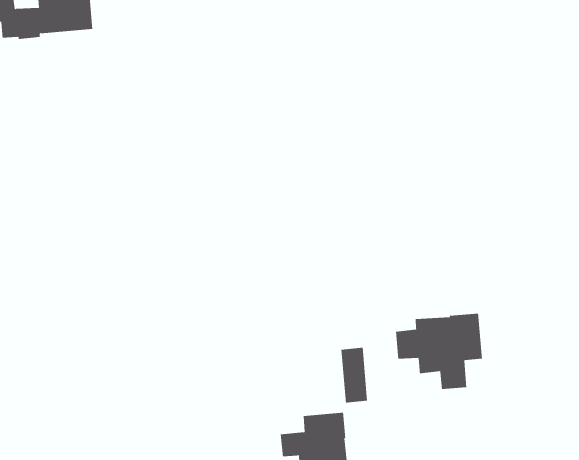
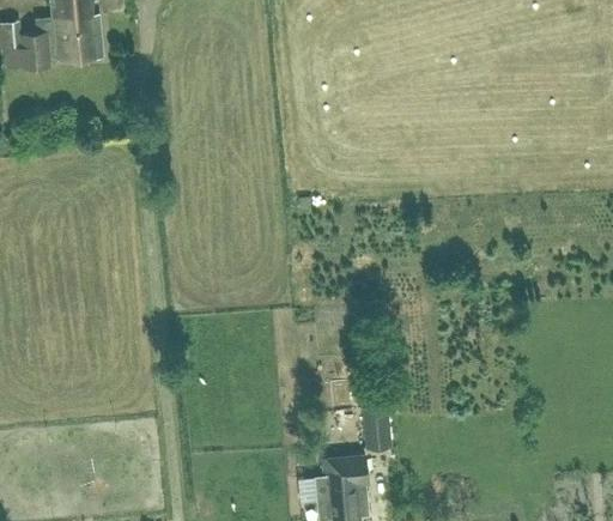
building: [395,313,483,390] -> none

